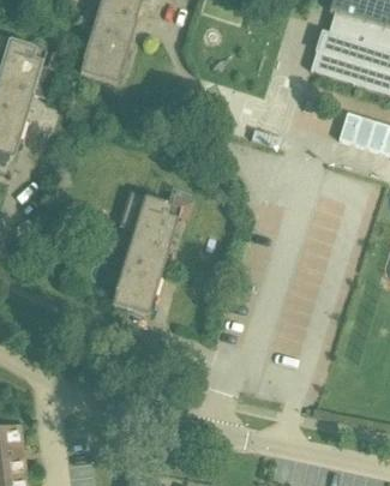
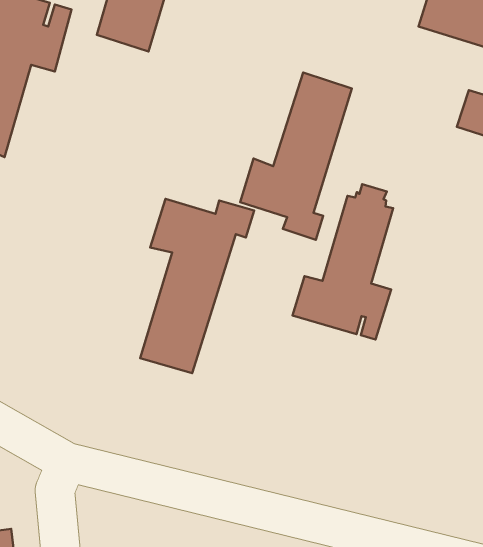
building: none -> [240,72,352,240]
building: none -> [292,184,393,339]

